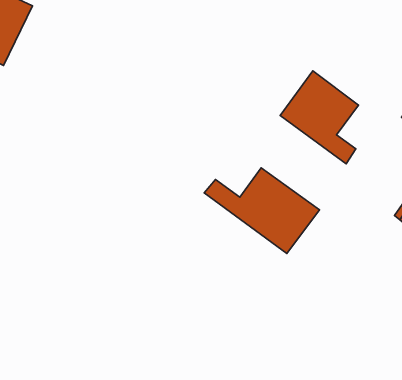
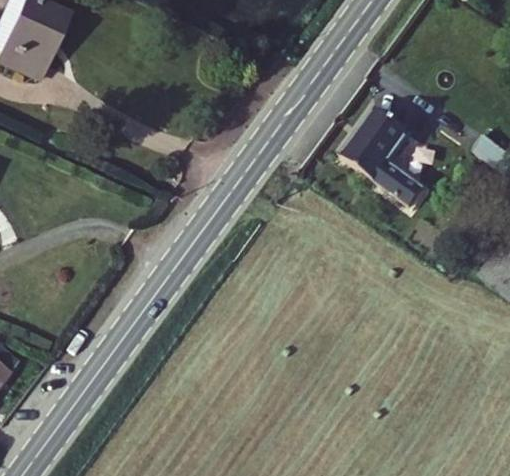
building: [204,168,319,253] -> none

